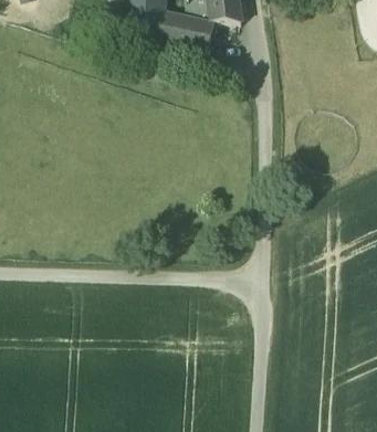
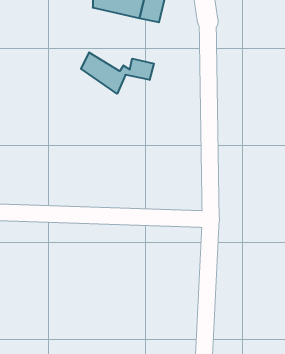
building: none -> [81,52,154,94]

